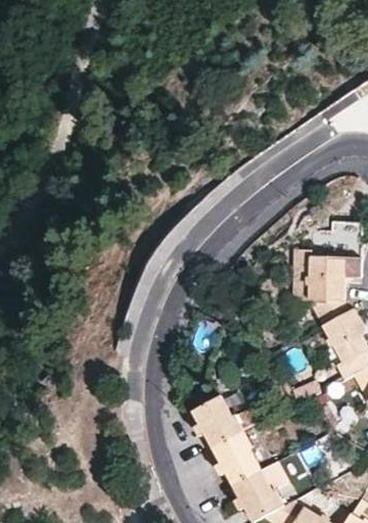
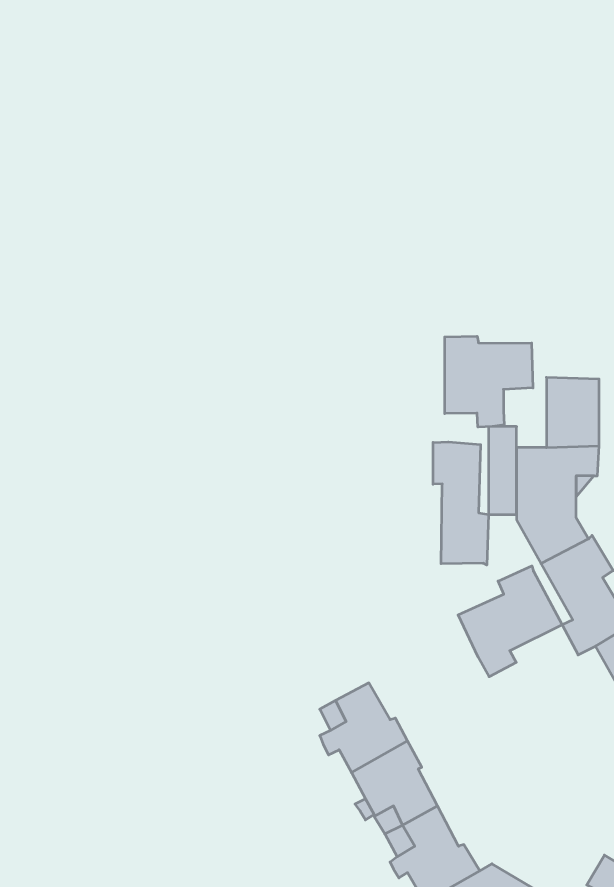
building: none -> [445,336,533,427]
building: none -> [433,442,488,565]
building: none -> [458,566,562,677]

